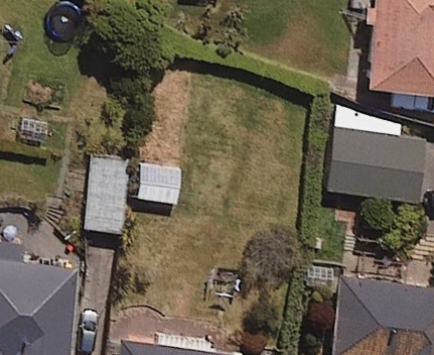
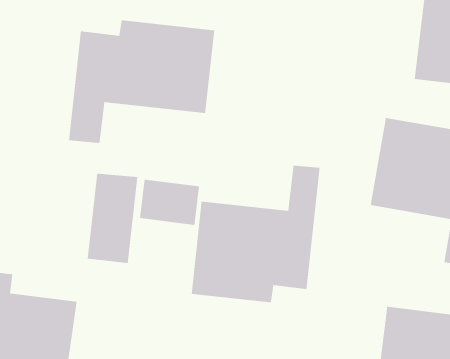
building: none -> [68,20,215,144]
building: none -> [191,165,320,303]

